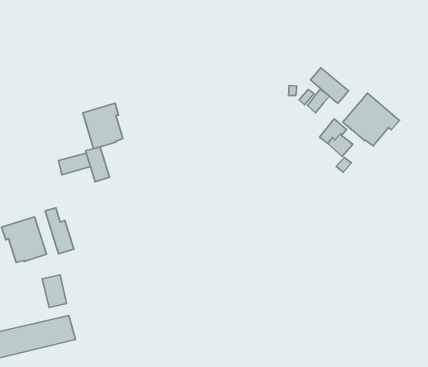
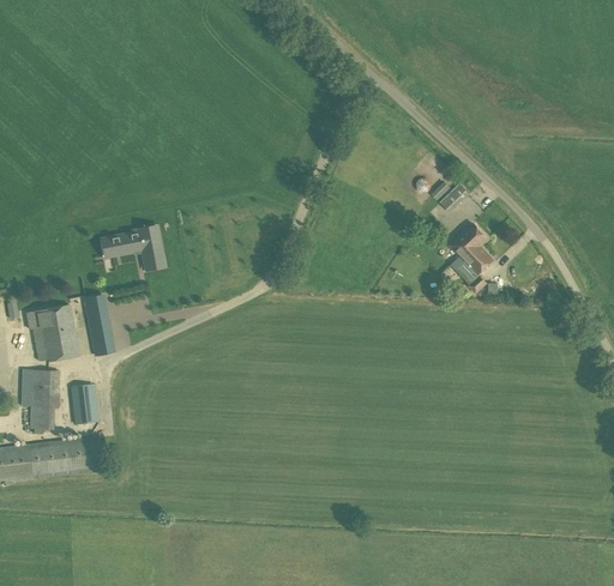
building: [311,68,349,104] -> none
building: [343,93,400,146] -> none
building: [83,103,123,149] -> none
building: none -> [19,369,59,430]

